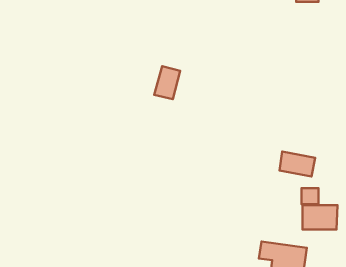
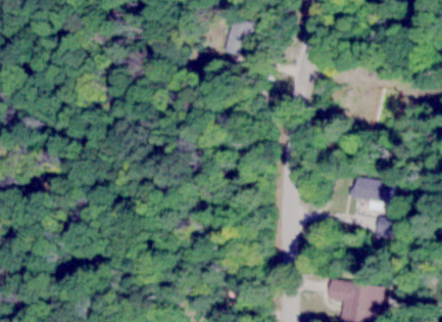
building: [154,66,180,99] -> [222,17,251,55]
building: [302,205,338,230] -> none

